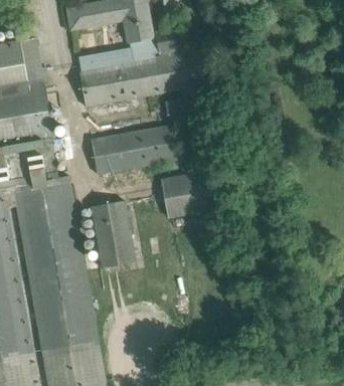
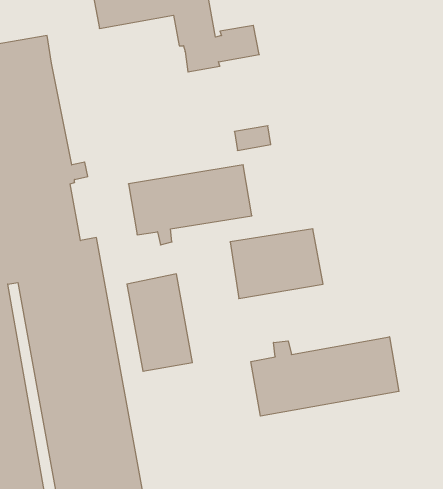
building: [77,49,202,105] -> none
building: none -> [251,337,399,416]

